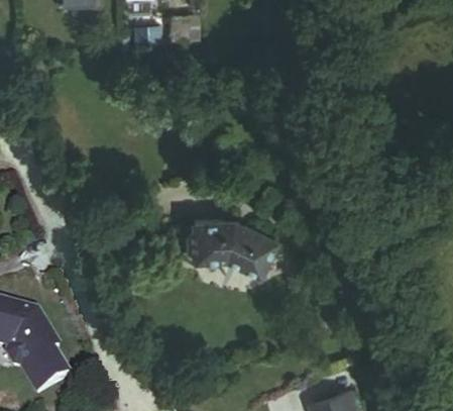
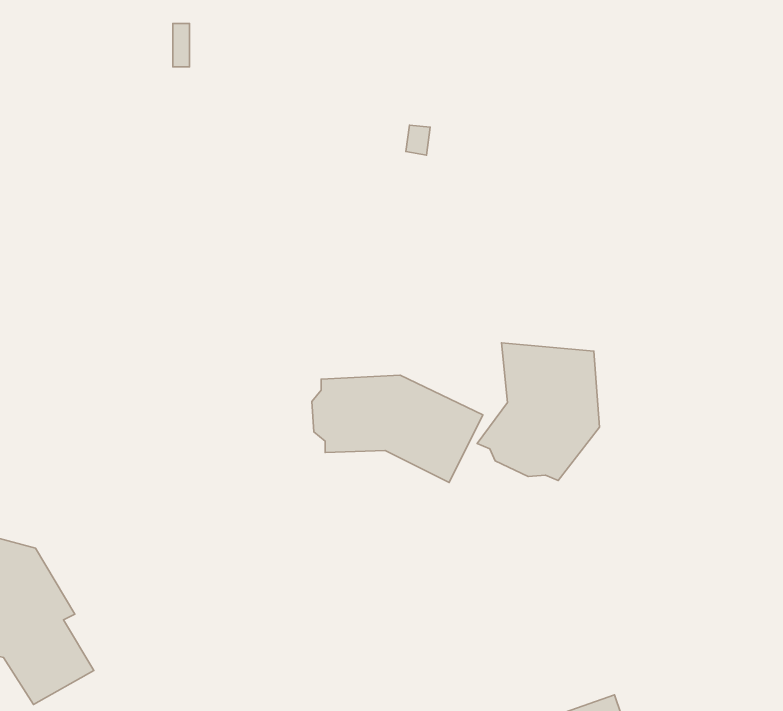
building: none -> [477,343,599,480]

